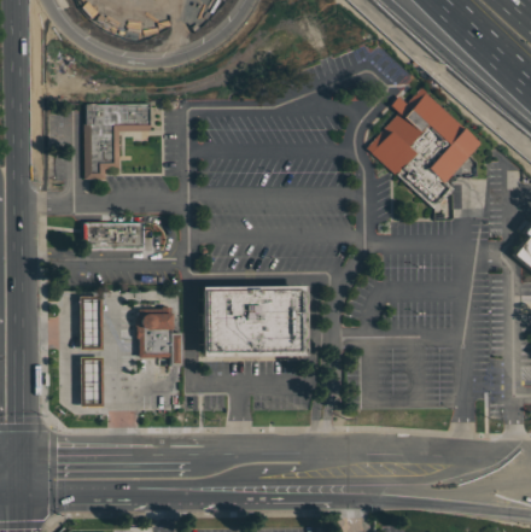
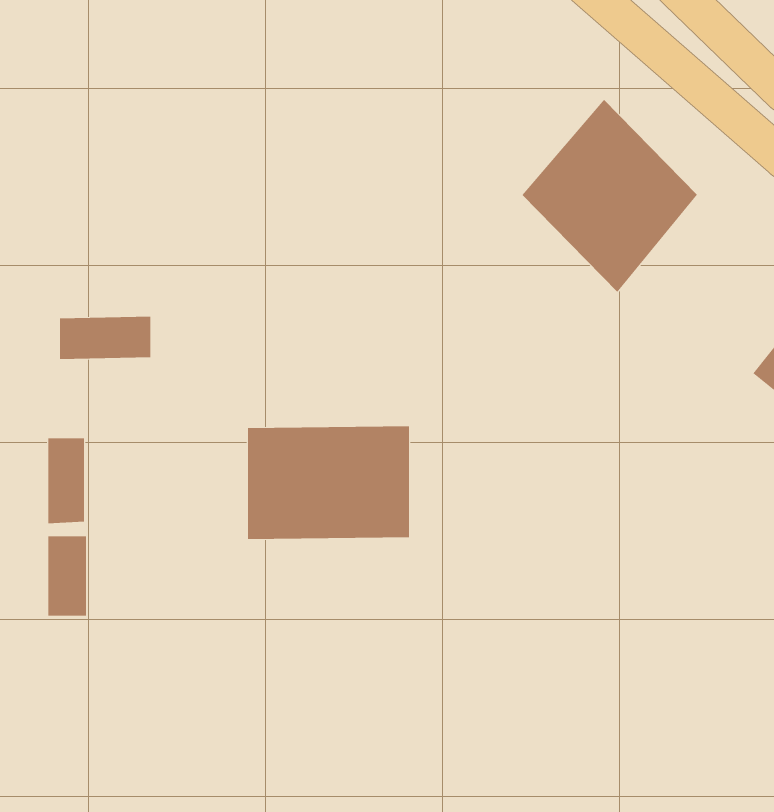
building: [88,103,157,174] -> none
building: [133,306,179,361] -> none

